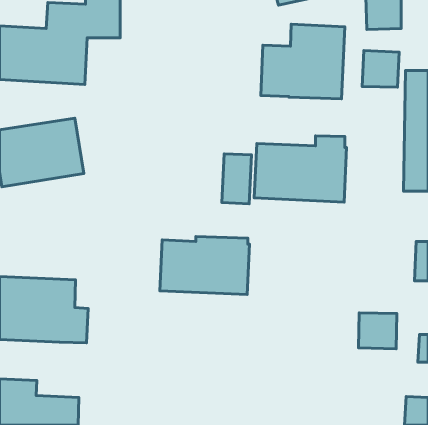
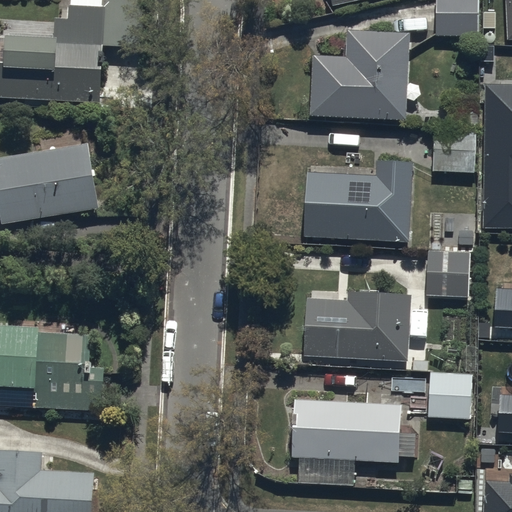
building: [362,50,399,87] -> [432,127,476,171]
building: [222,154,251,204] -> none
building: none -> [426,251,470,294]
building: [160,236,250,294] -> [305,293,412,362]
building: none -> [292,400,401,462]

